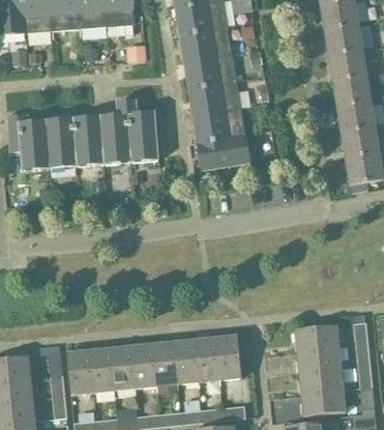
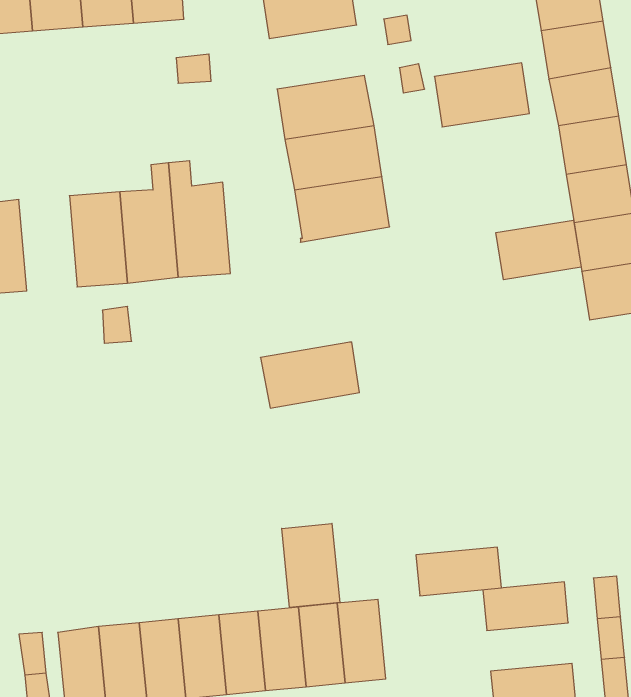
building: [179,27,230,61] -> [434,63,529,127]
building: [46,118,77,169] -> none
building: none -> [496,220,581,280]
building: [196,135,248,170] -> [260,342,359,408]
building: none -> [282,523,340,608]
building: [295,346,341,372] -> [416,547,501,596]

